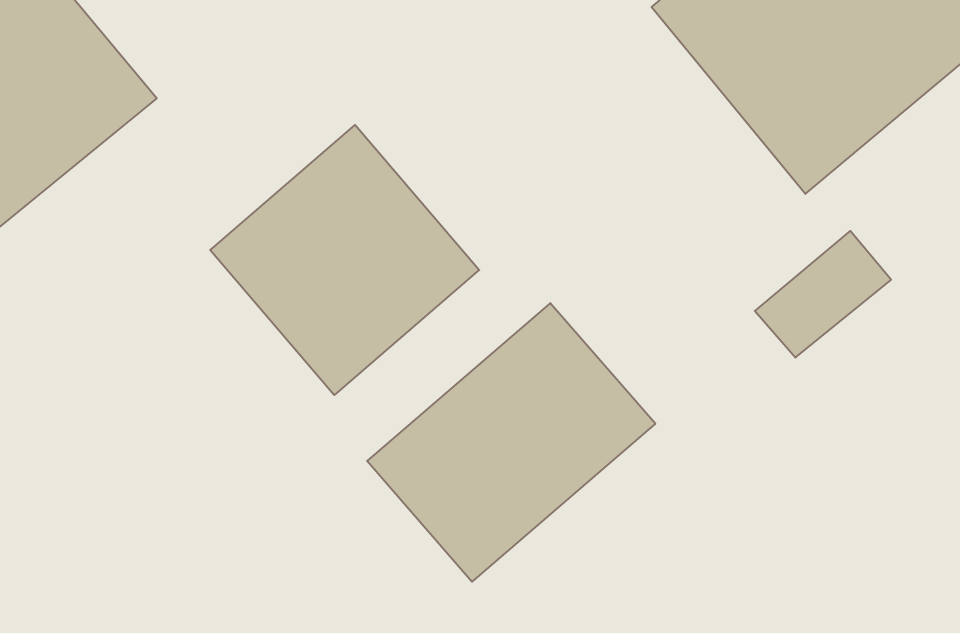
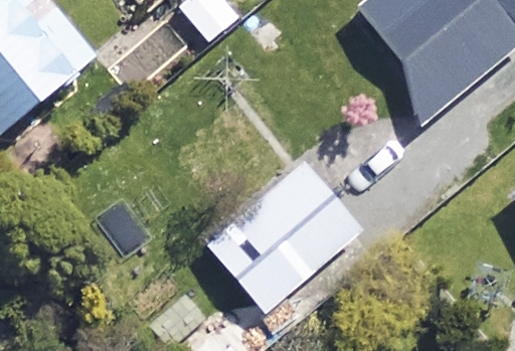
building: [210,125,479,395] -> none

